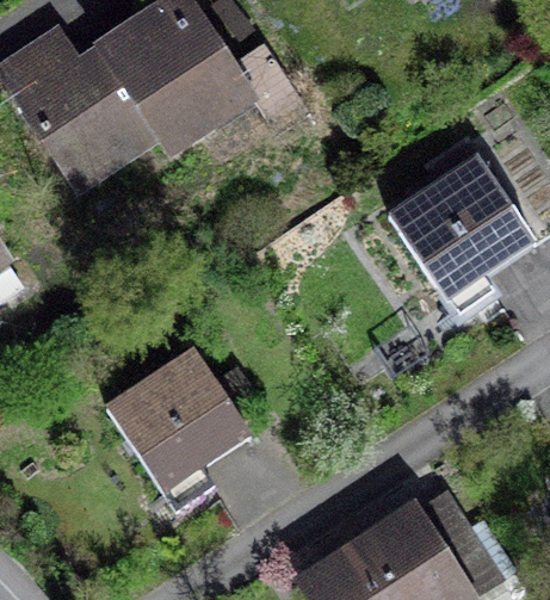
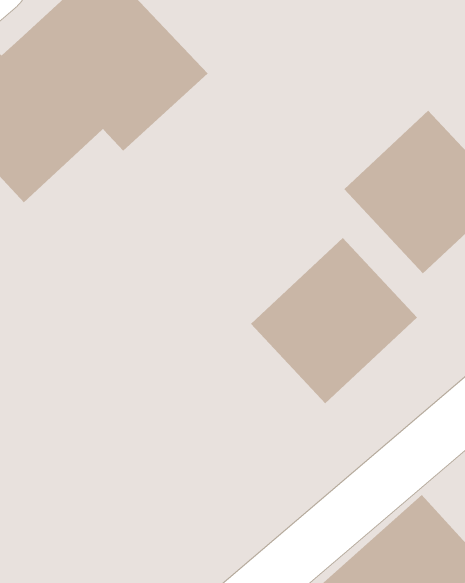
building: none -> [250,237,418,404]
building: [107,351,252,495] -> none

